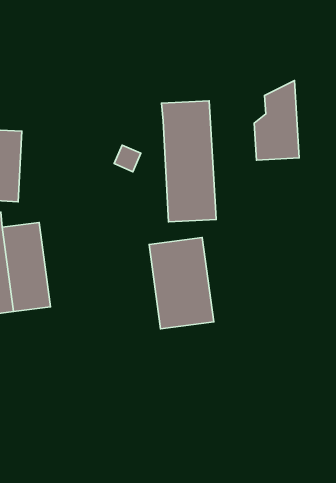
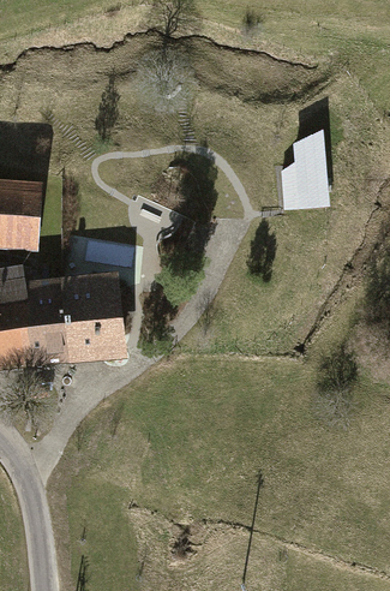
building: [161,101,216,222] -> none
building: [149,238,214,329] -> [59,268,126,363]

